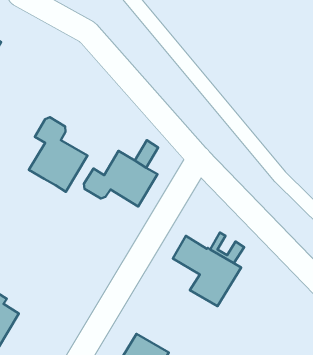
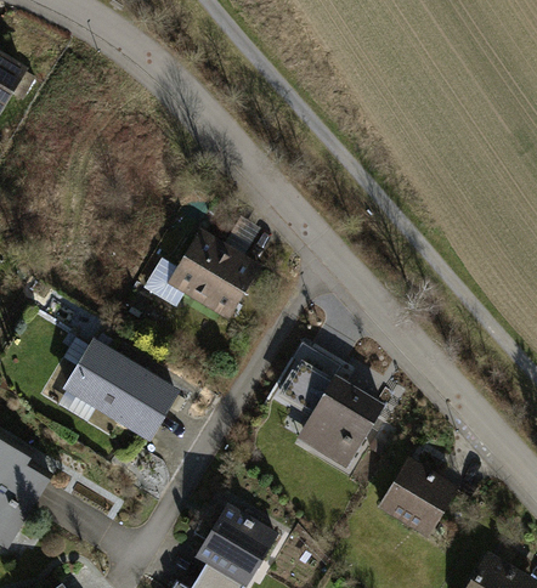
building: [29,117,87,192] -> none
building: none -> [66,344,174,436]
building: none -> [379,460,454,528]

